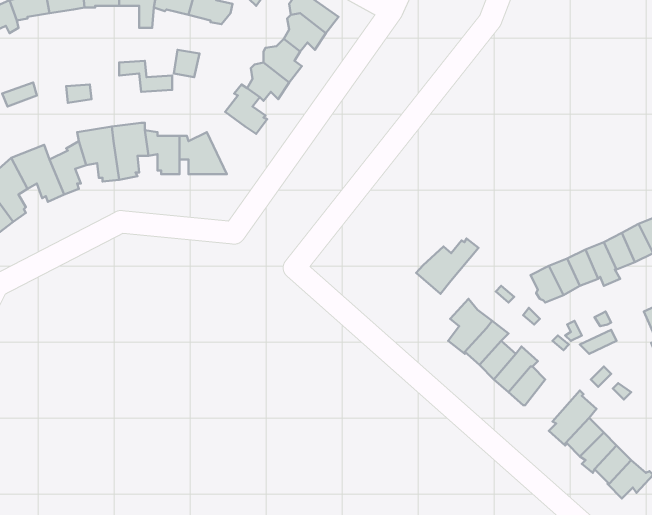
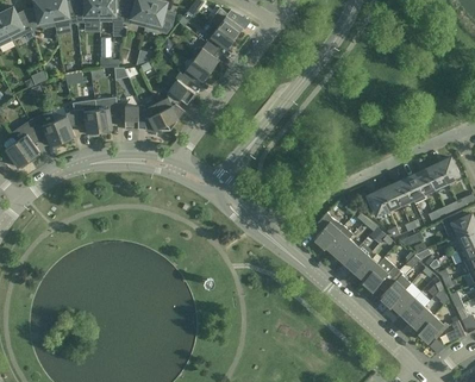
building: none -> [156,90,185,131]
building: [416,239,479,294] -> none
building: none -> [361,258,399,292]

